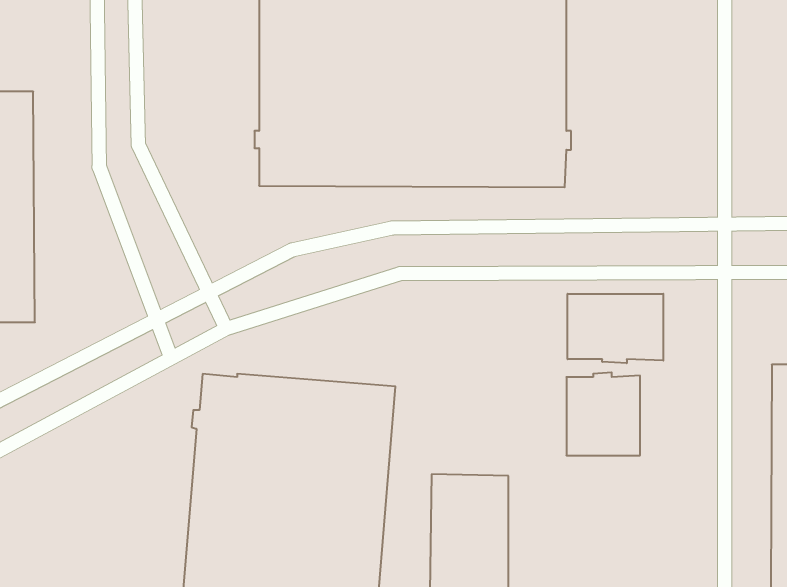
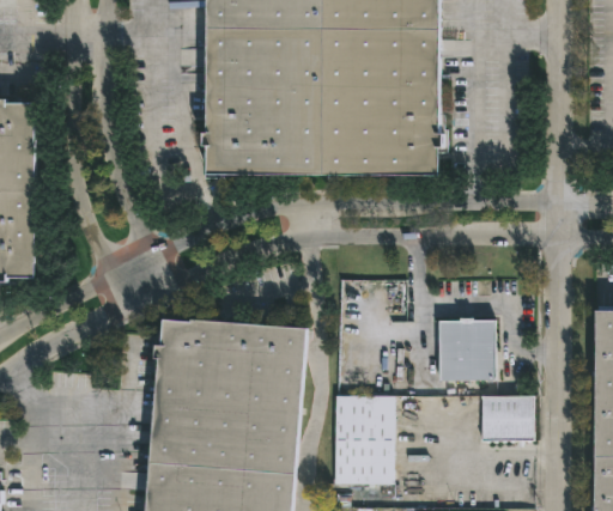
building: [568,294,663,363] -> none
building: none -> [480,396,533,442]

